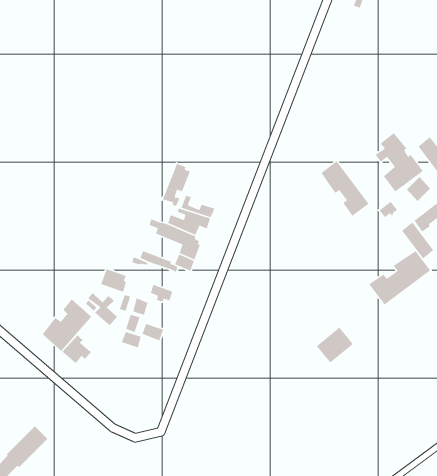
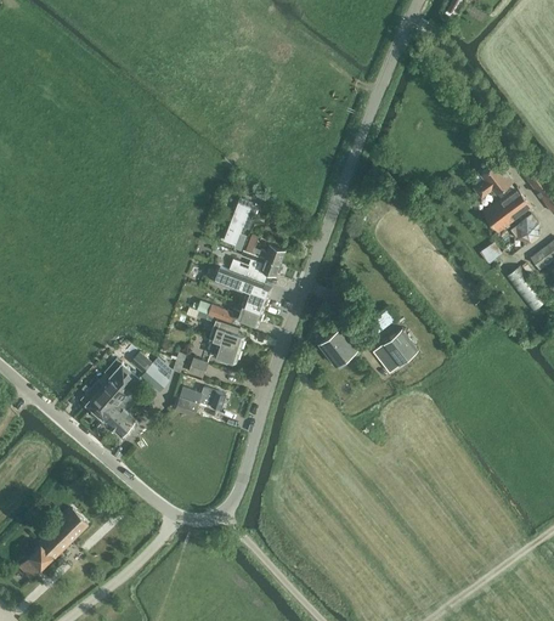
building: [321,160,369,217] -> none
building: [368,250,431,305] -> none
building: [100,268,127,293] -> [208,321,239,350]
building: none -> [320,328,357,366]
building: [316,327,354,364] -> [373,328,418,372]

